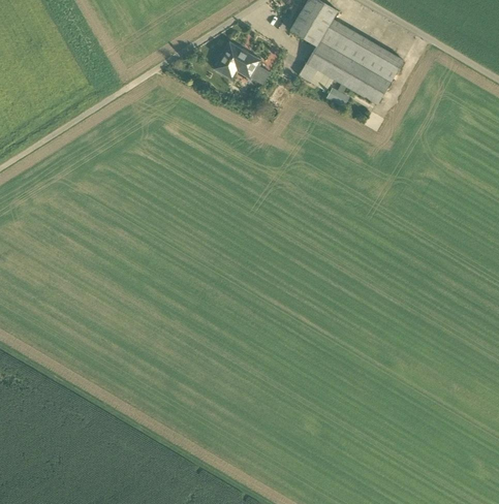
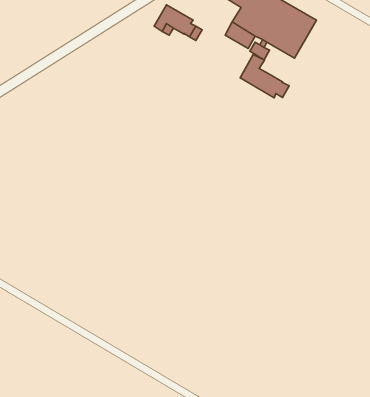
building: none -> [240,54,289,98]

